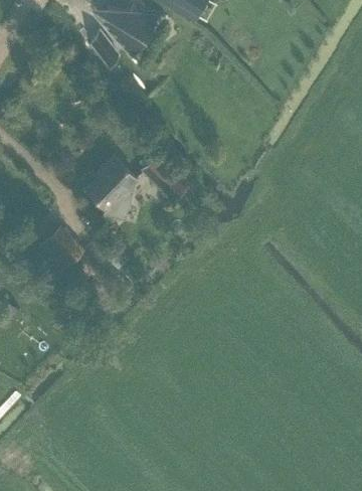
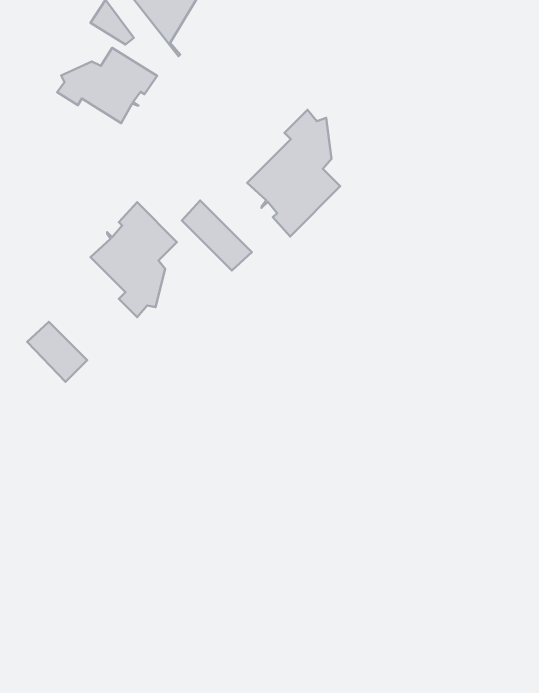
building: none -> [57,48,157,123]
building: none -> [247,110,340,236]

